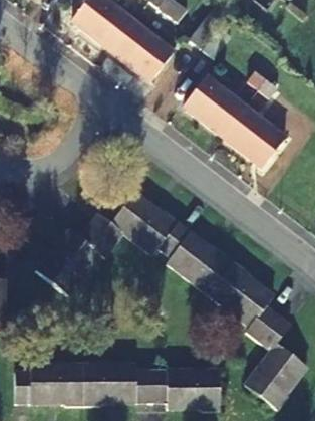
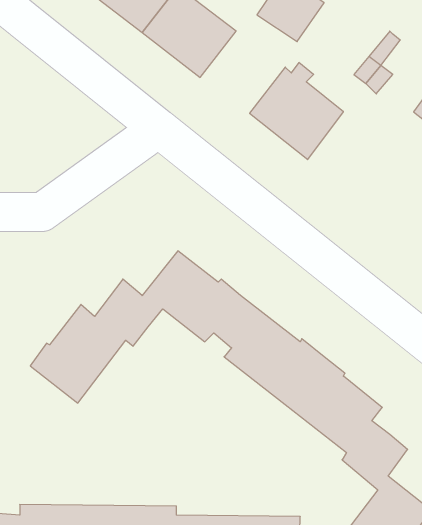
building: [222,102,286,166] -> none

